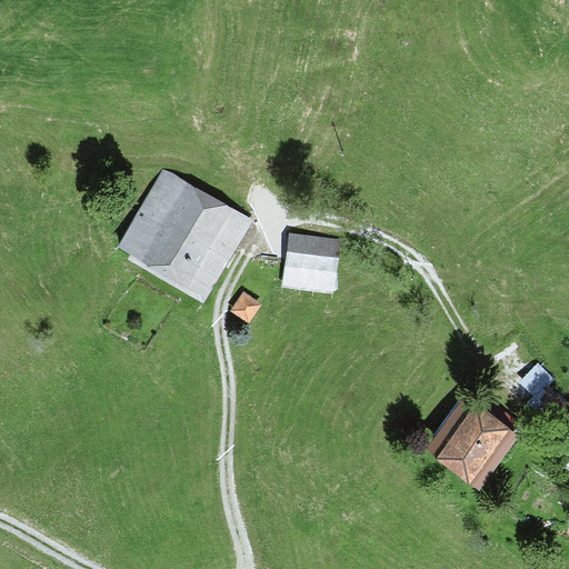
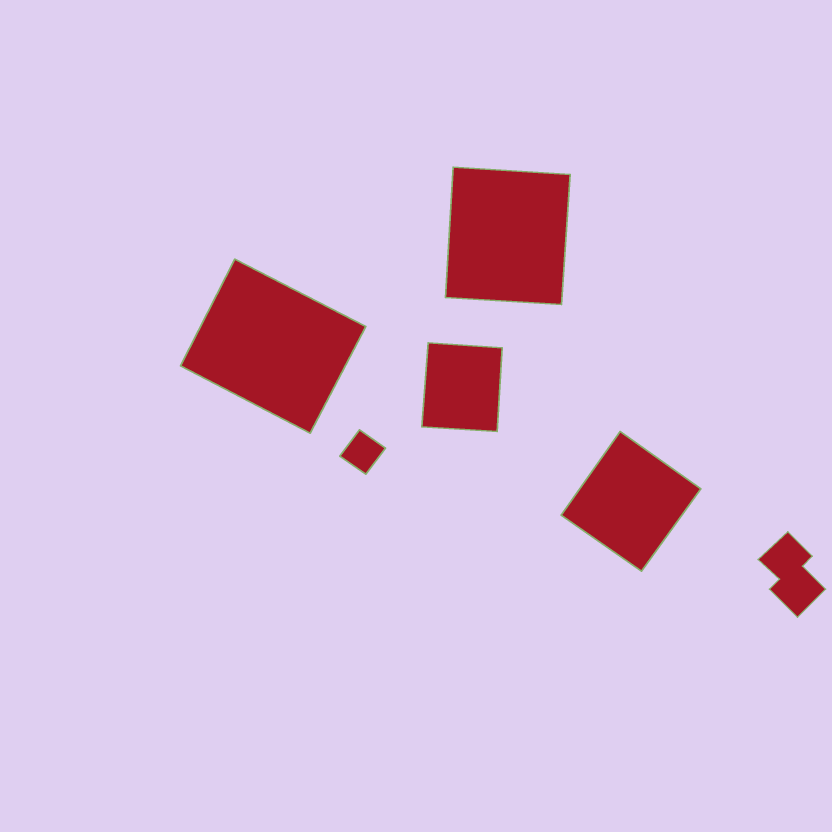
building: none -> [445,167,570,304]
building: [420,392,515,487] -> [561,432,701,571]

